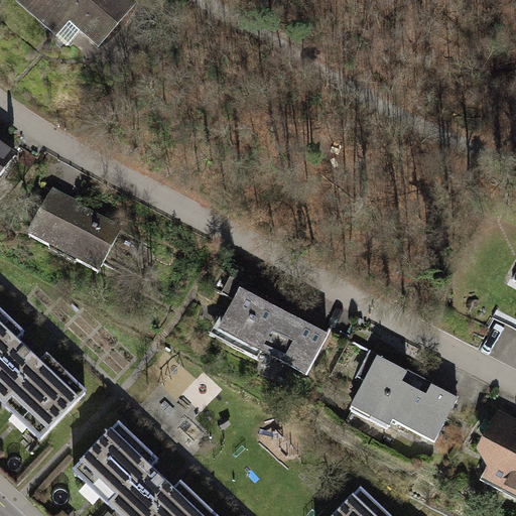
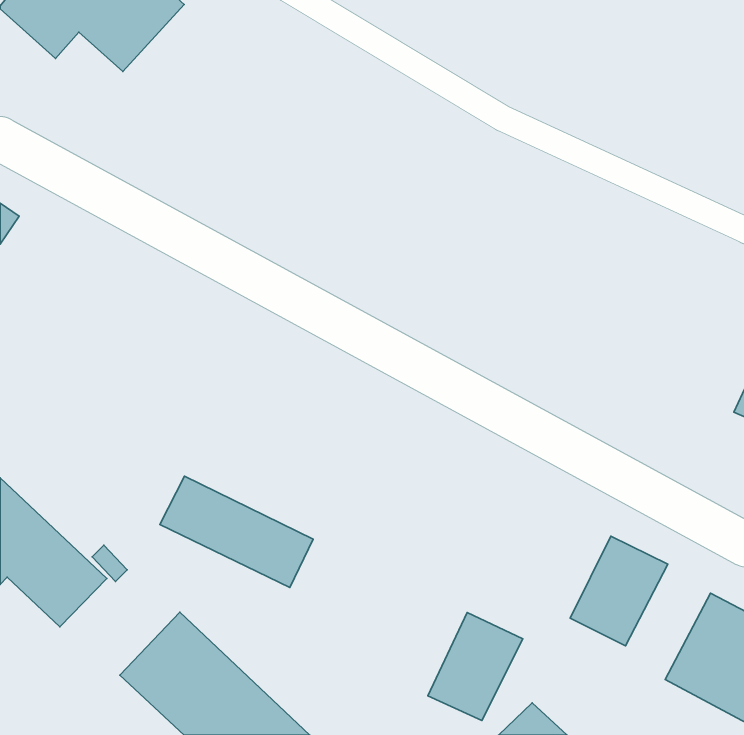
building: [21,190,118,271] -> none
building: [217,294,322,371] -> [160,476,313,587]
building: [358,352,423,426] -> [428,612,523,721]

